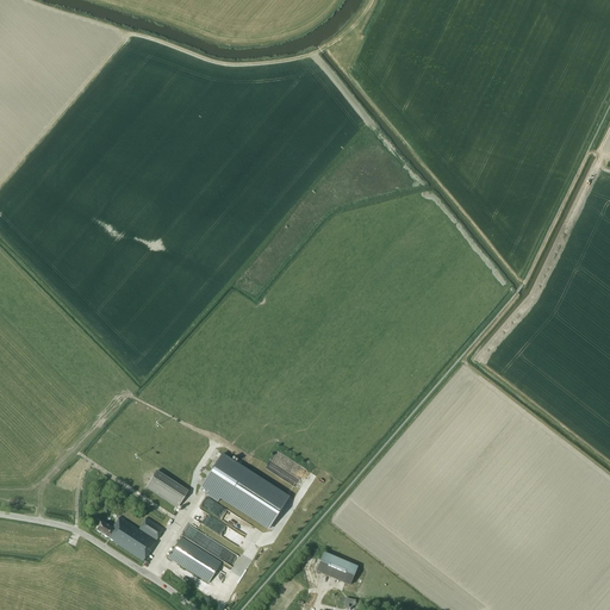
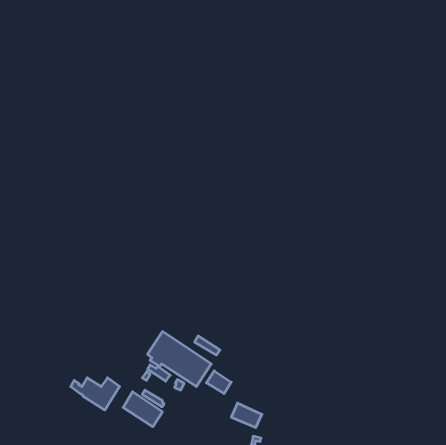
building: [145,468,188,506] -> none
building: none -> [206,371,231,394]

